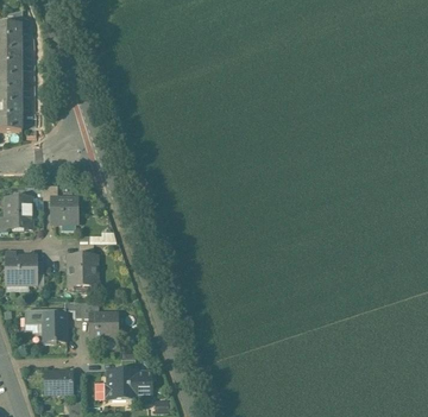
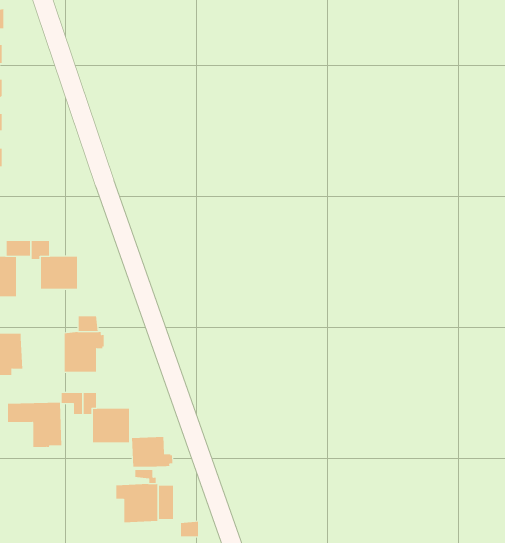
building: none -> [132,436,173,468]
building: [45,371,74,394] -> none

